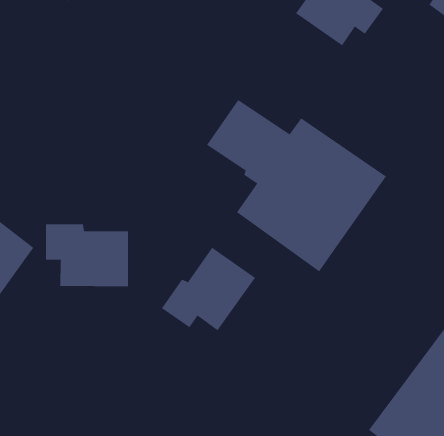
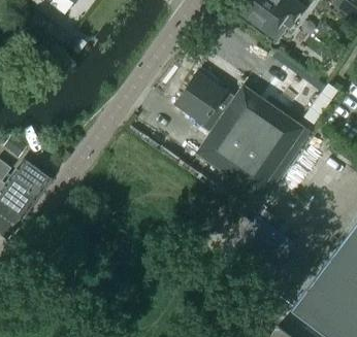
building: [45,224,128,287] -> none
building: [161,247,256,331] -> none

